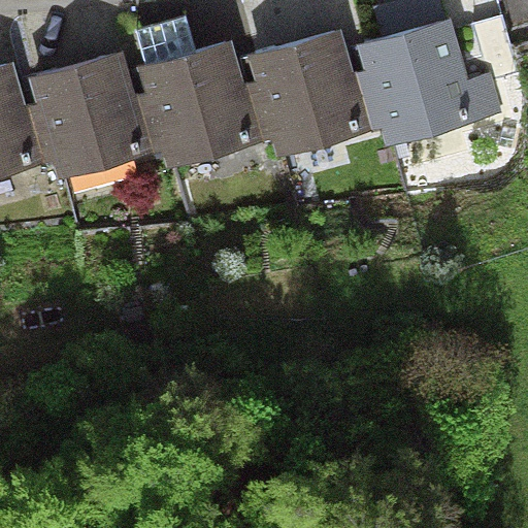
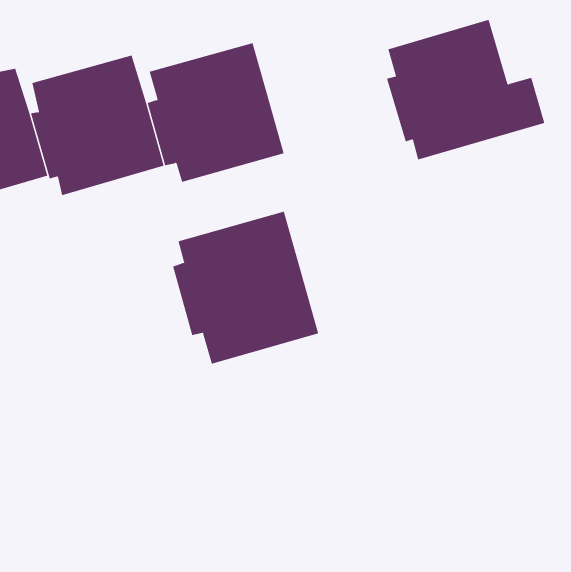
building: [245,28,373,161] -> none
building: none -> [172,211,319,364]

